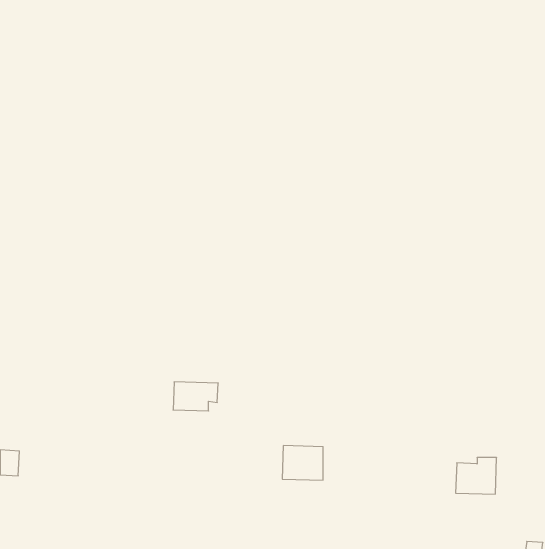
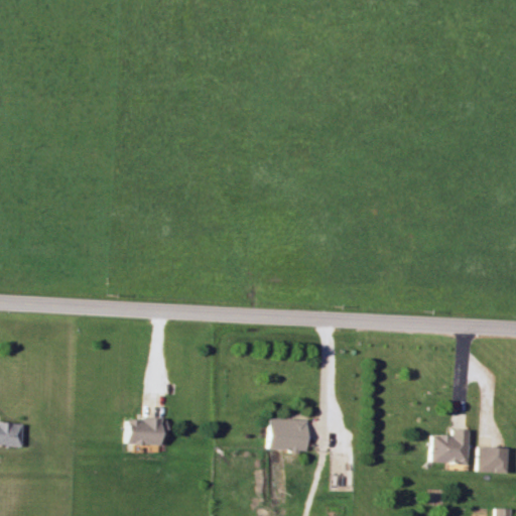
building: [173,382,218,411] -> [127,418,169,445]
building: none -> [479,446,508,473]

